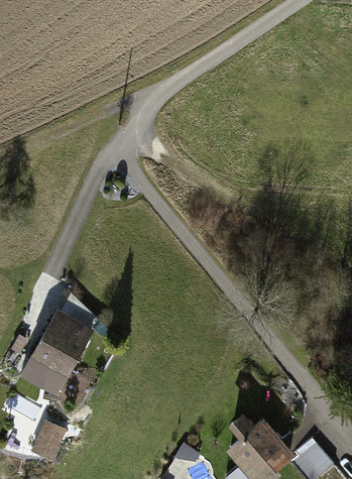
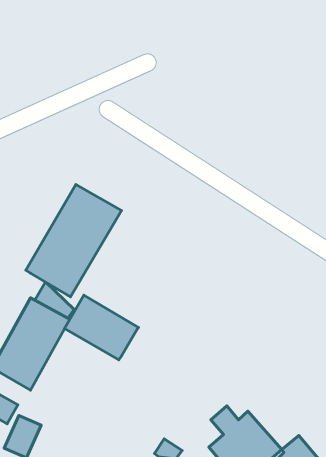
building: none -> [26,184,121,297]
building: none -> [65,295,138,360]

